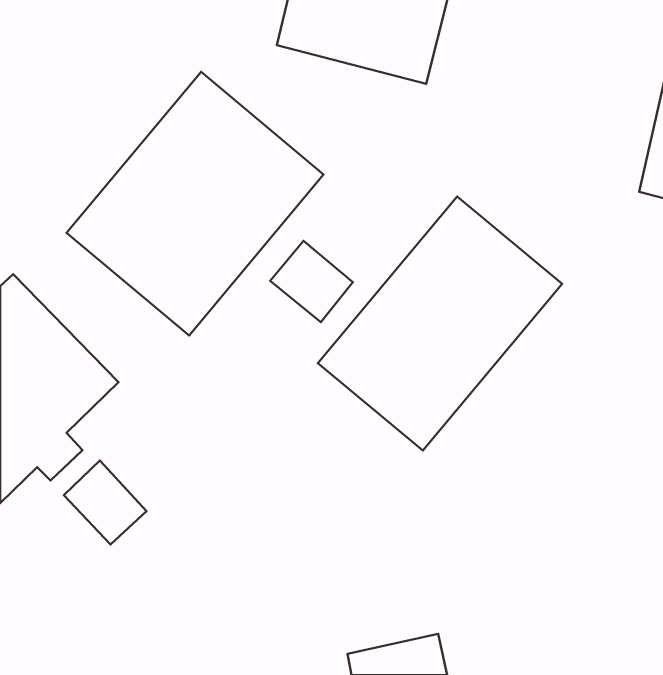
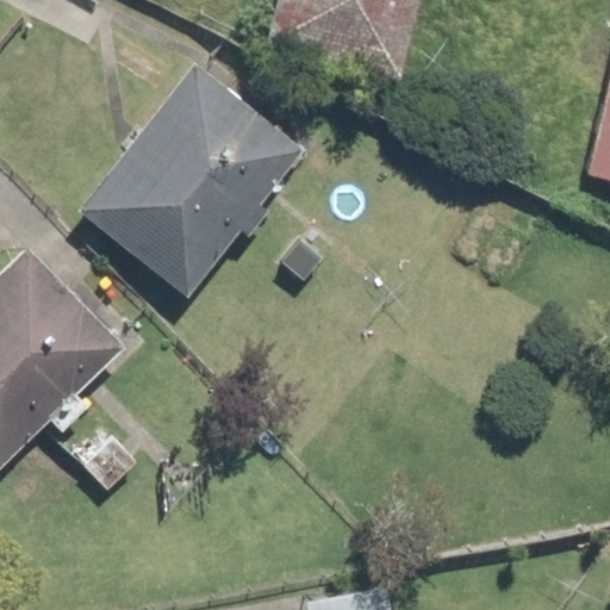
building: [318,196,562,451] -> none

